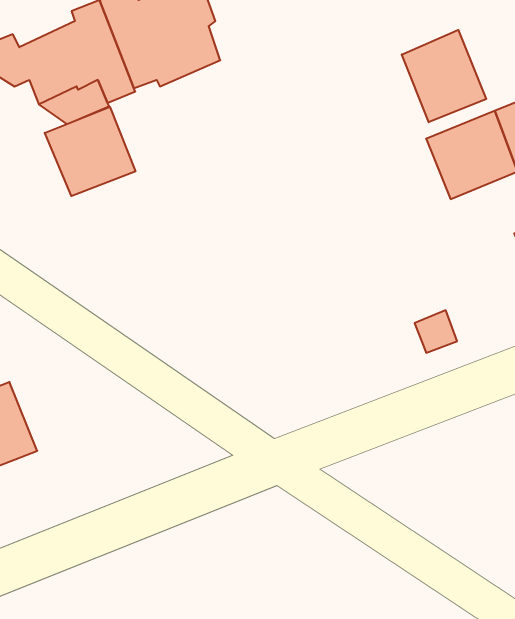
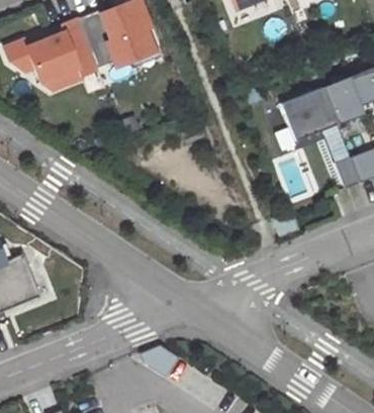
building: [402,30,486,122] -> none
building: [45,107,135,196] -> none

